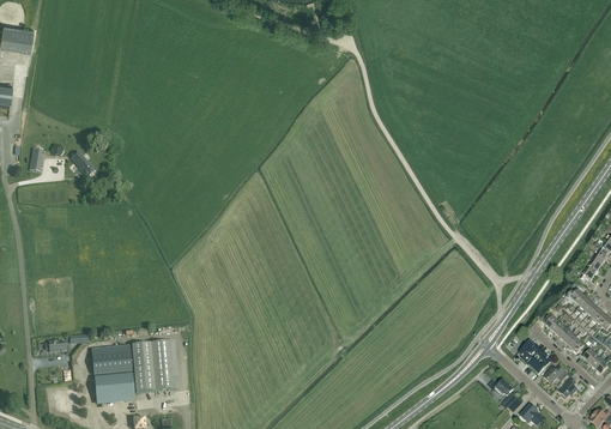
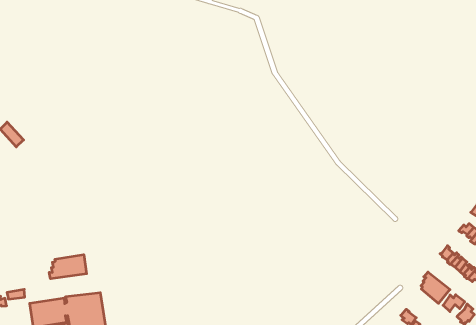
building: none -> [49,255,87,279]

